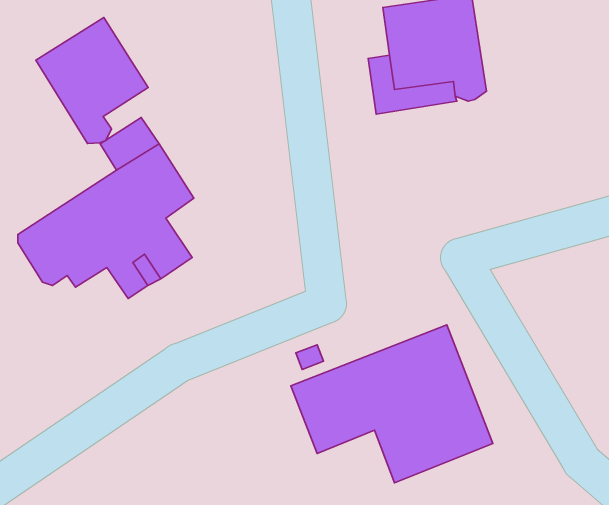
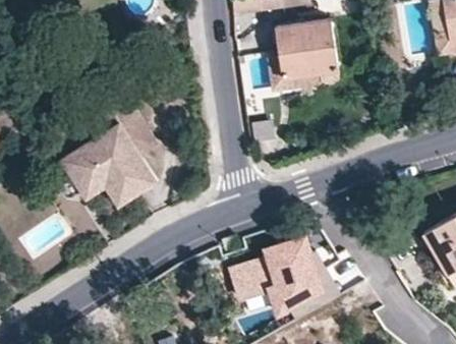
building: [36,18,148,143] -> none

